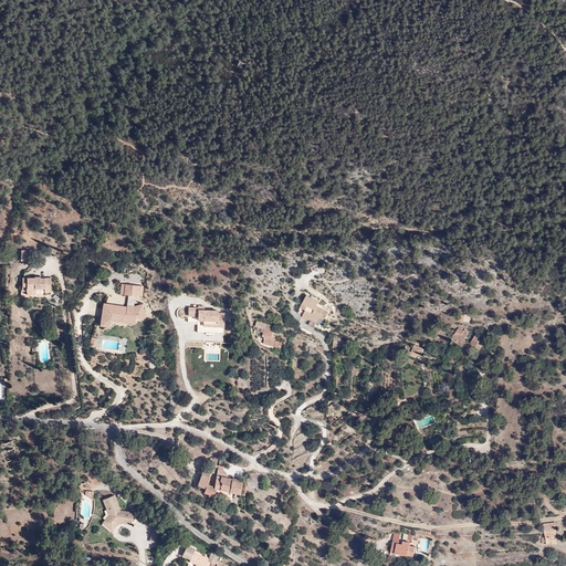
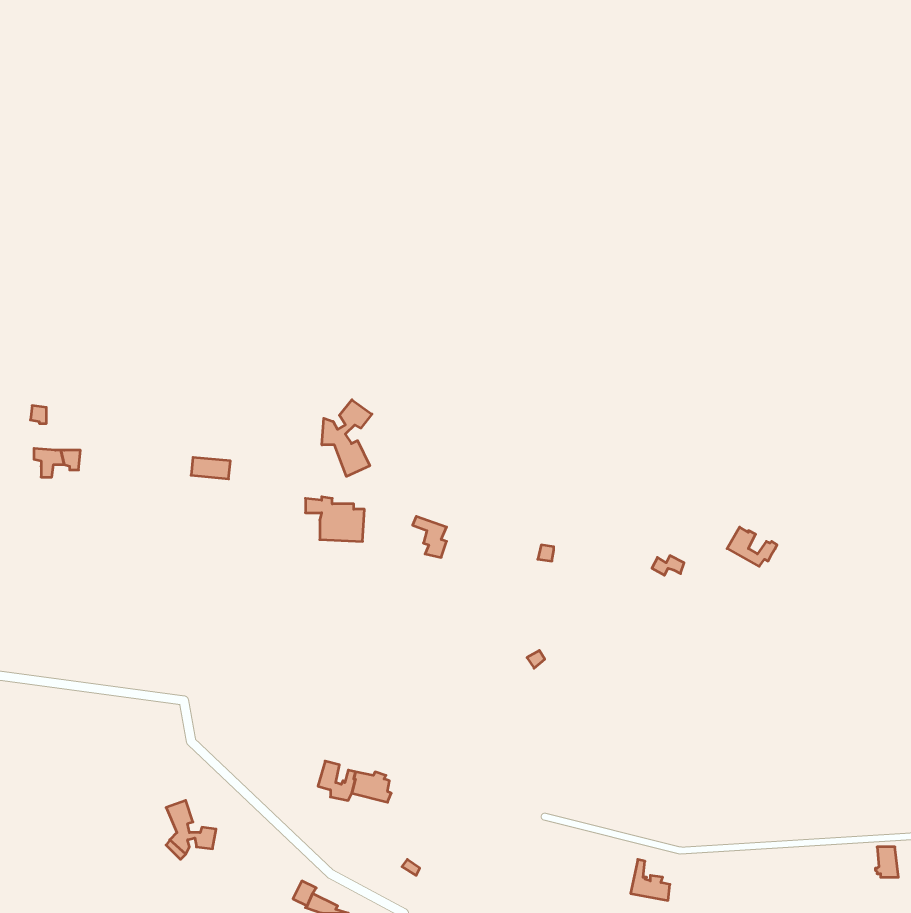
building: none -> [322,400,372,476]
building: [298,294,328,324] -> none
building: [102,306,146,324] -> none

